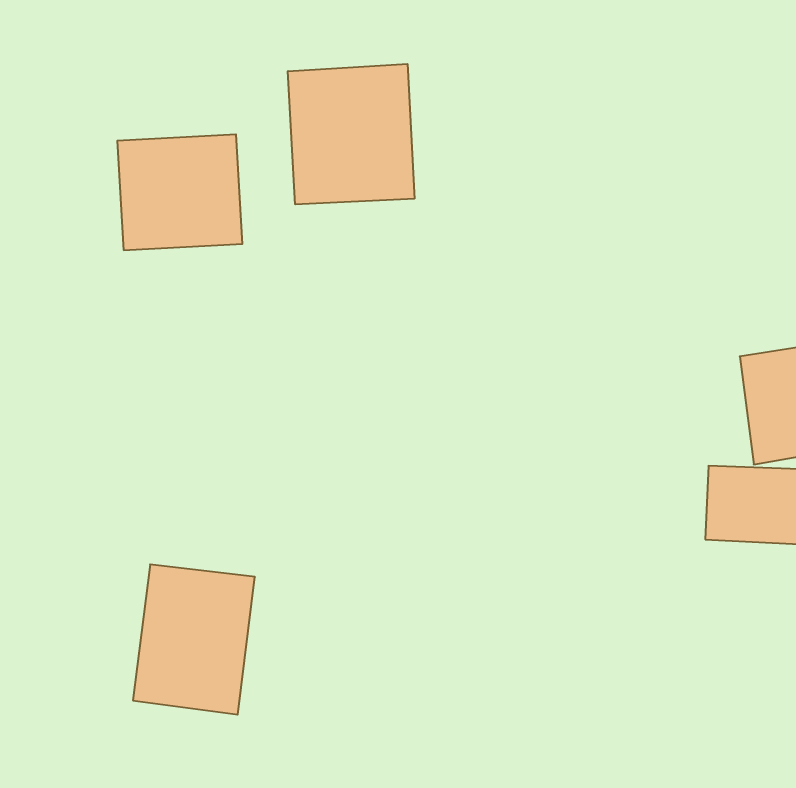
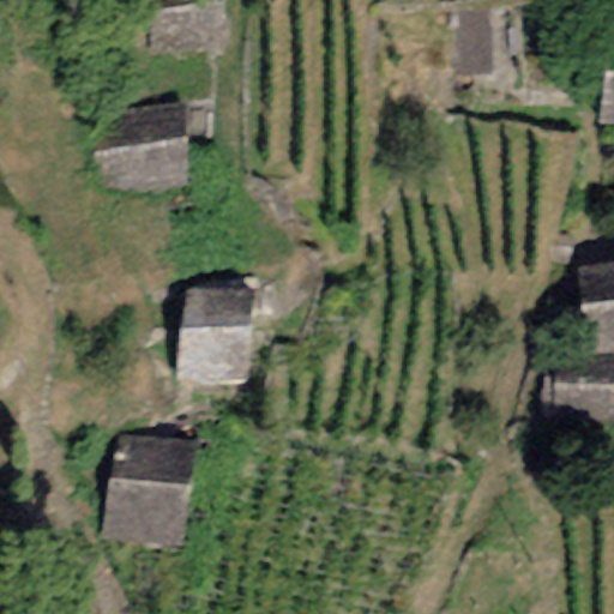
building: [288,64,414,204] -> none
building: none -> [179,288,251,383]

